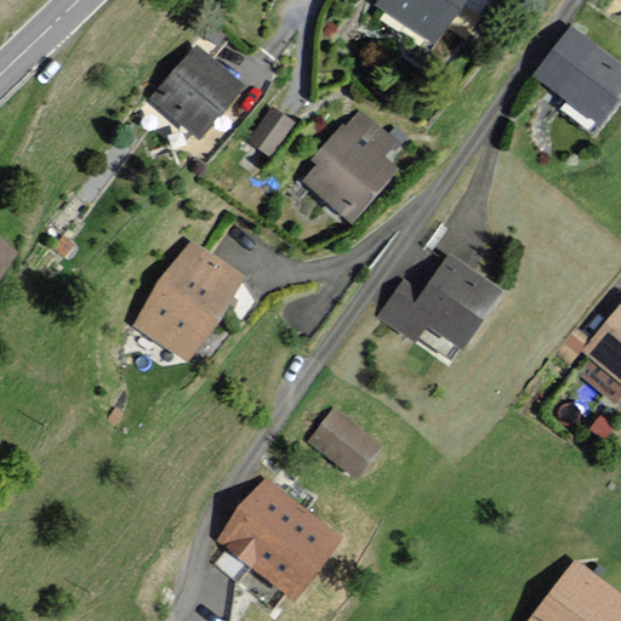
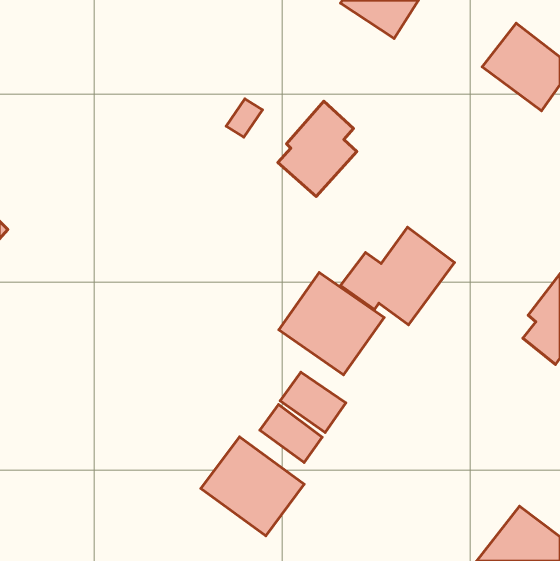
building: [156,47,240,131] -> none
building: [133,241,243,358] -> none
building: none -> [279,273,384,375]
building: none -> [260,404,322,463]

